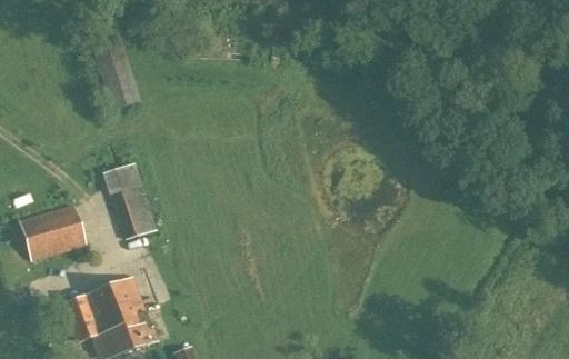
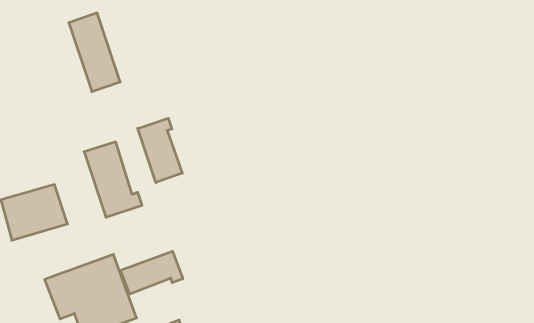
building: none -> [138,118,182,183]
building: none -> [121,251,183,294]

